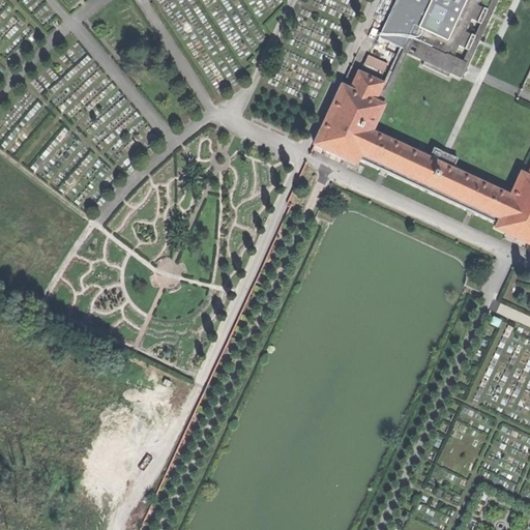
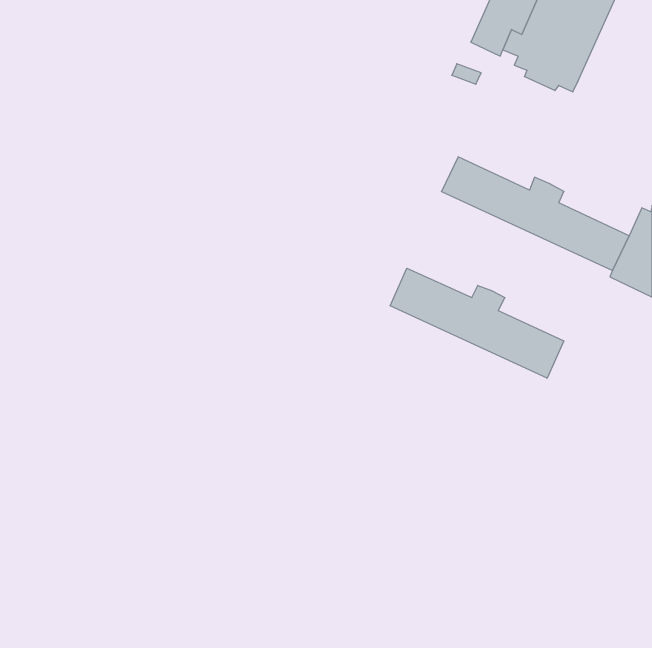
building: [315,67,384,160] -> none
building: none -> [390,268,564,378]

